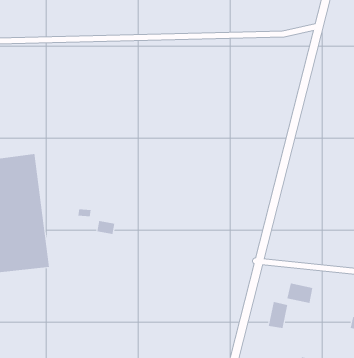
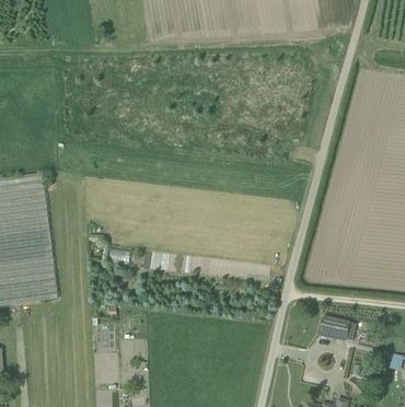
building: [268,301,288,329] -> none

